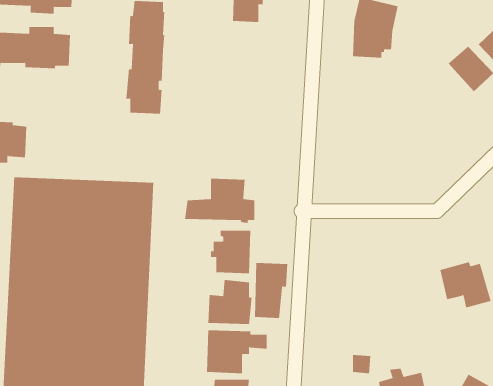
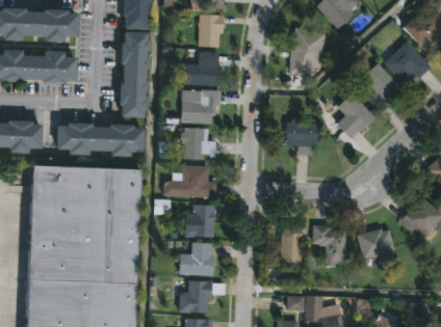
building: none -> [187,51,222,85]
building: none -> [182,89,222,124]
building: none -> [337,93,378,138]
building: none -> [287,118,318,155]
building: none -> [56,121,145,156]
building: none -> [181,128,217,159]
building: none -> [314,225,347,266]
building: [254,262,288,319] -> [282,224,308,267]

